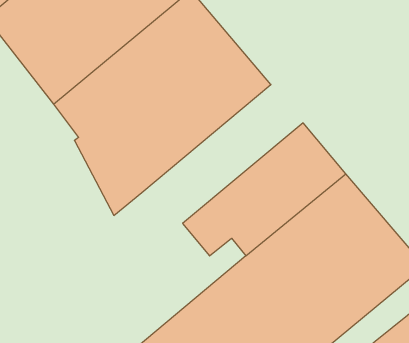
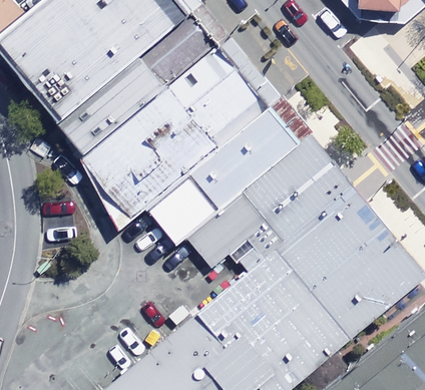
building: none -> [145,105,301,247]

